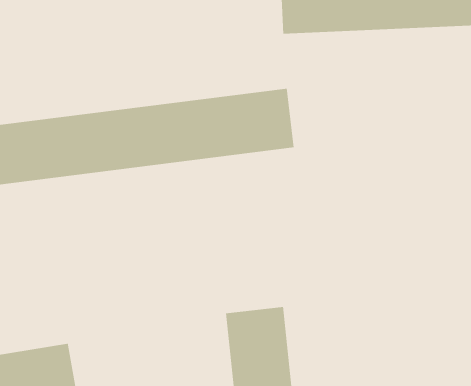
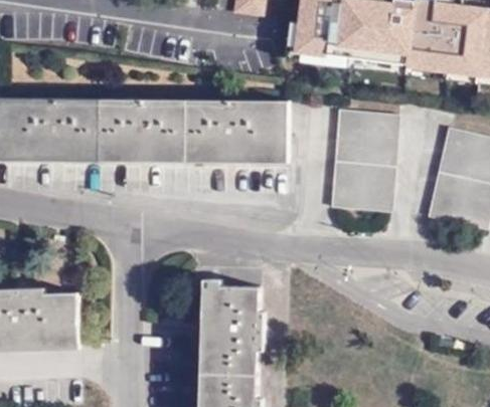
building: none -> [331,111,395,212]

